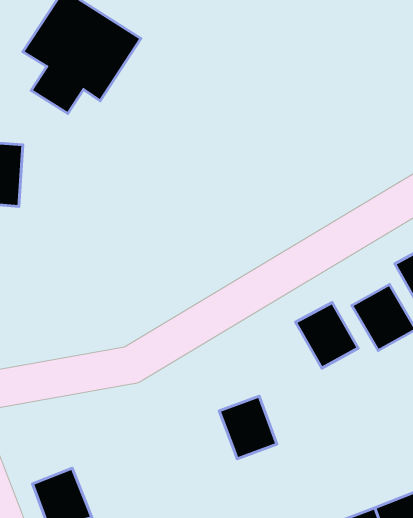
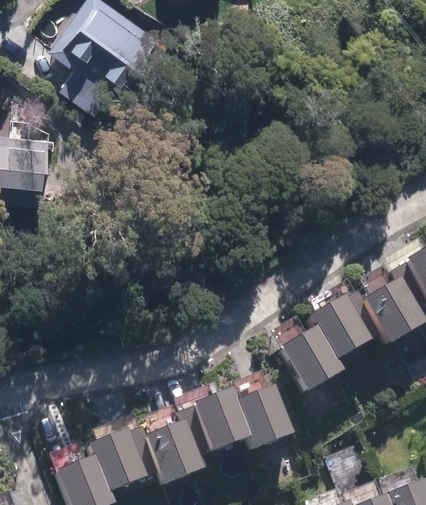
building: none -> [282,325,343,389]
building: none -> [196,386,252,449]
building: none -> [146,417,205,480]
building: none -> [92,426,148,488]

